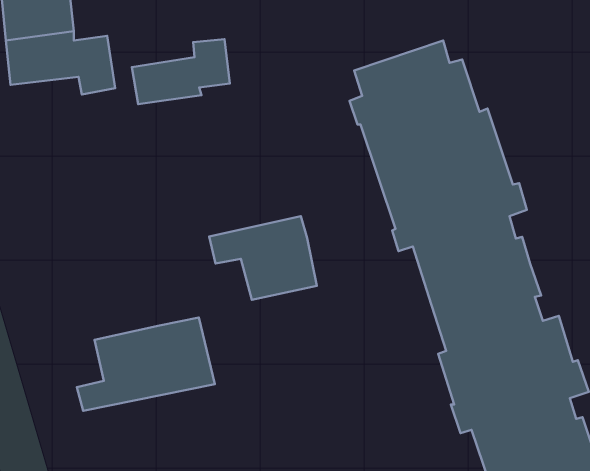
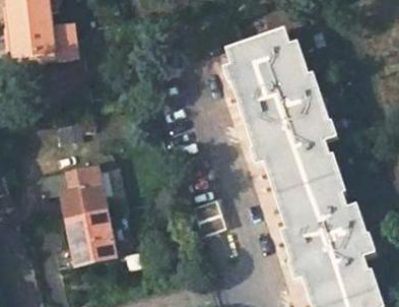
building: [132,39,230,104] -> none
building: [209,216,317,300] -> [35,166,104,220]

